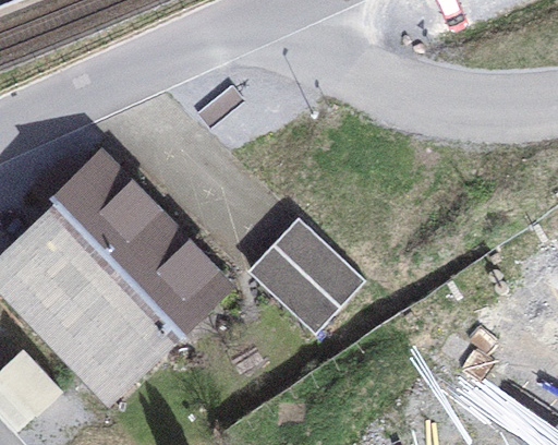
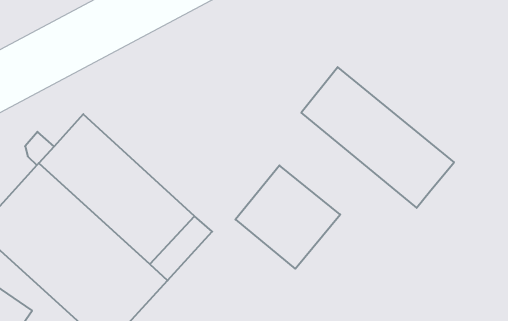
building: none -> [301,67,454,208]

